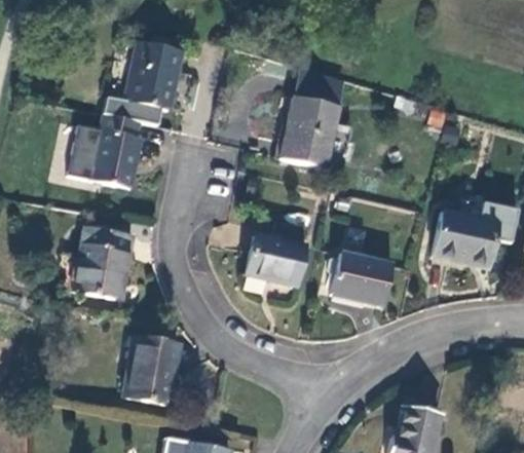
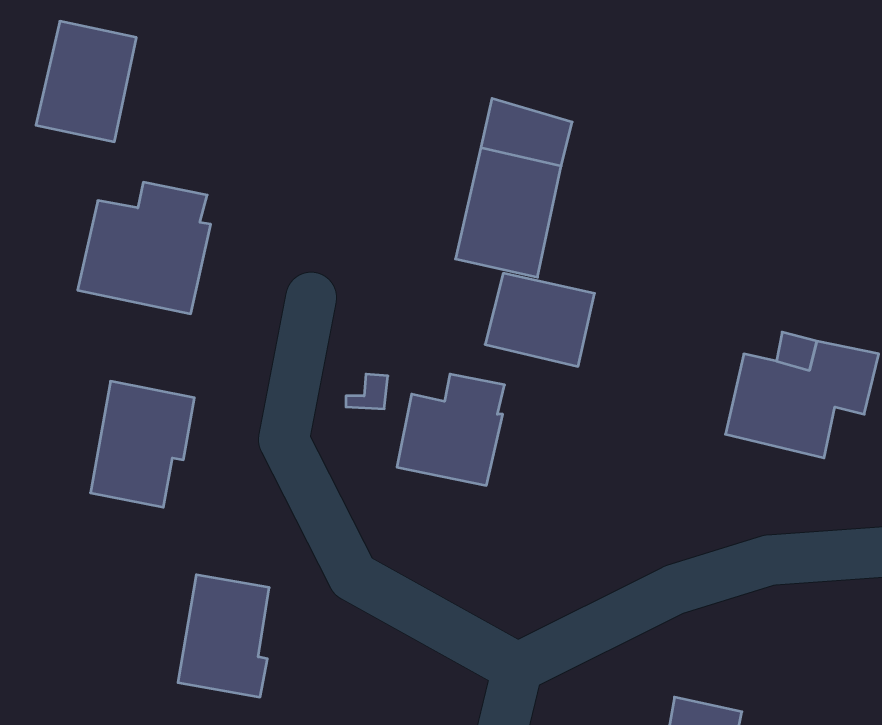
building: [125,41,182,109] -> [36,21,136,142]
building: [332,253,394,305] -> [485,273,595,366]

